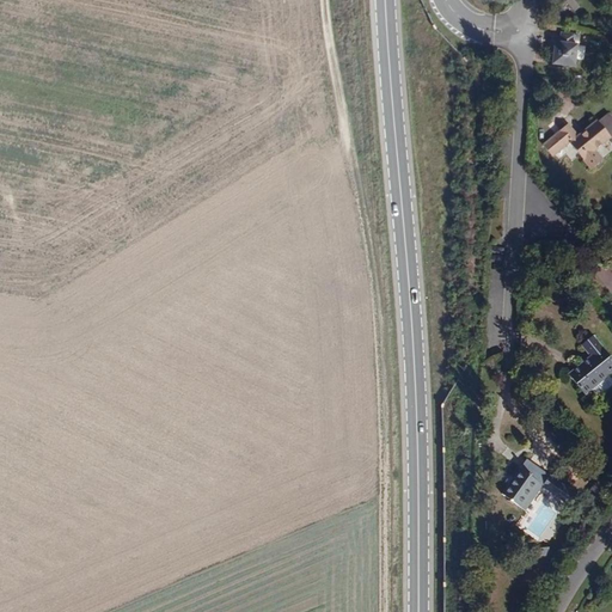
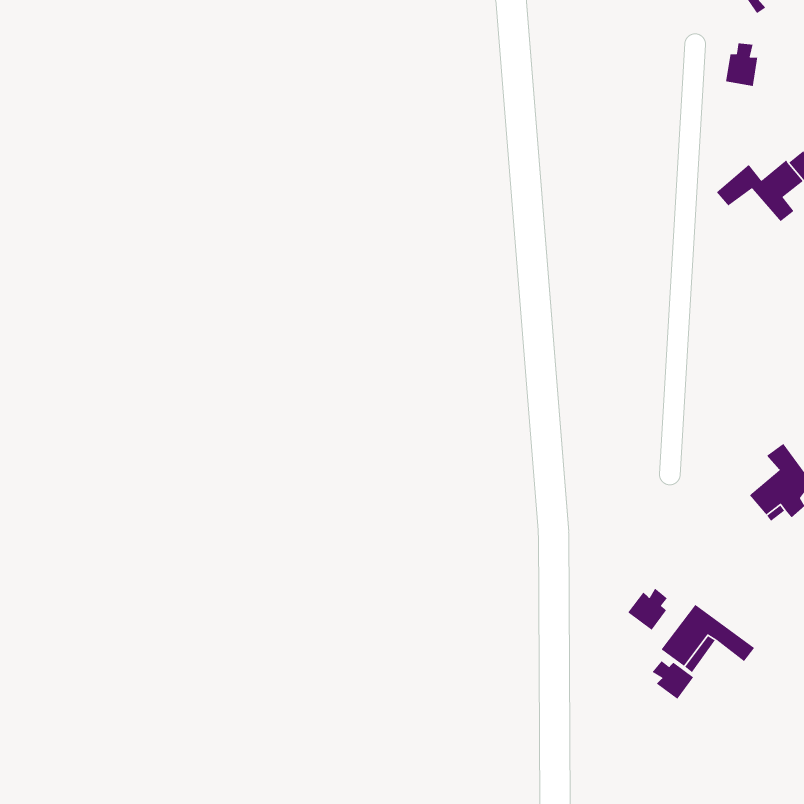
building: none -> [627,588,668,631]
building: none -> [651,660,694,700]

